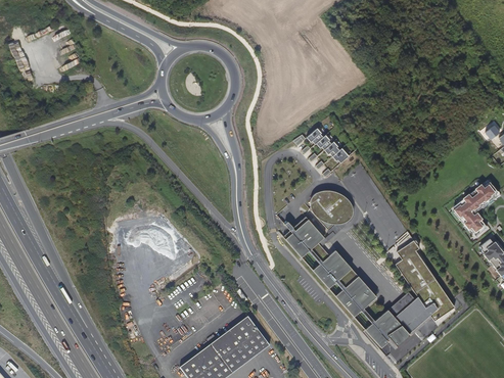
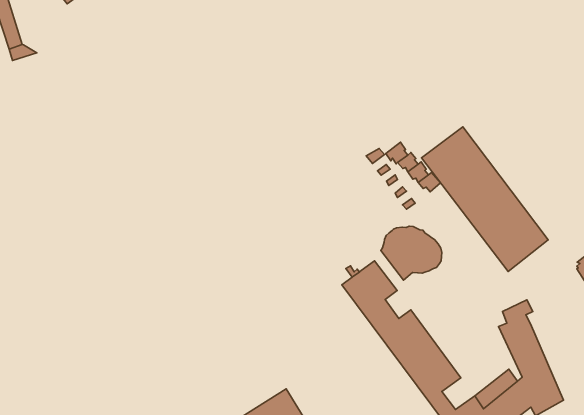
building: none -> [421,127,548,272]

